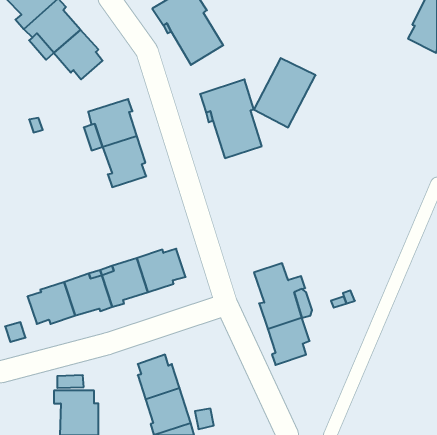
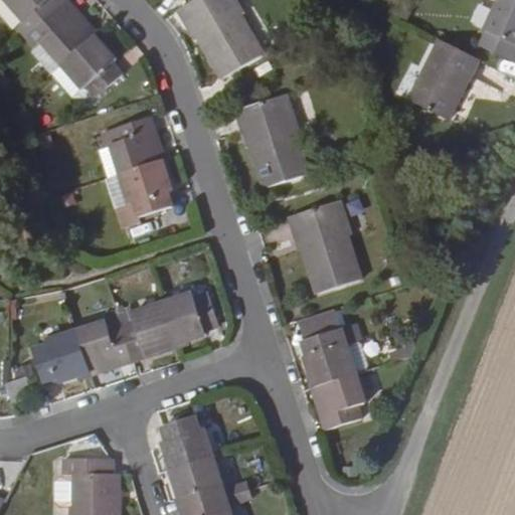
building: [254,58,316,127] -> [411,39,484,121]
building: none -> [277,205,349,297]

